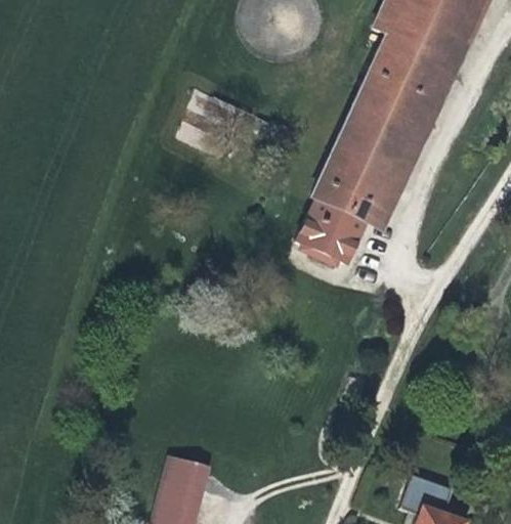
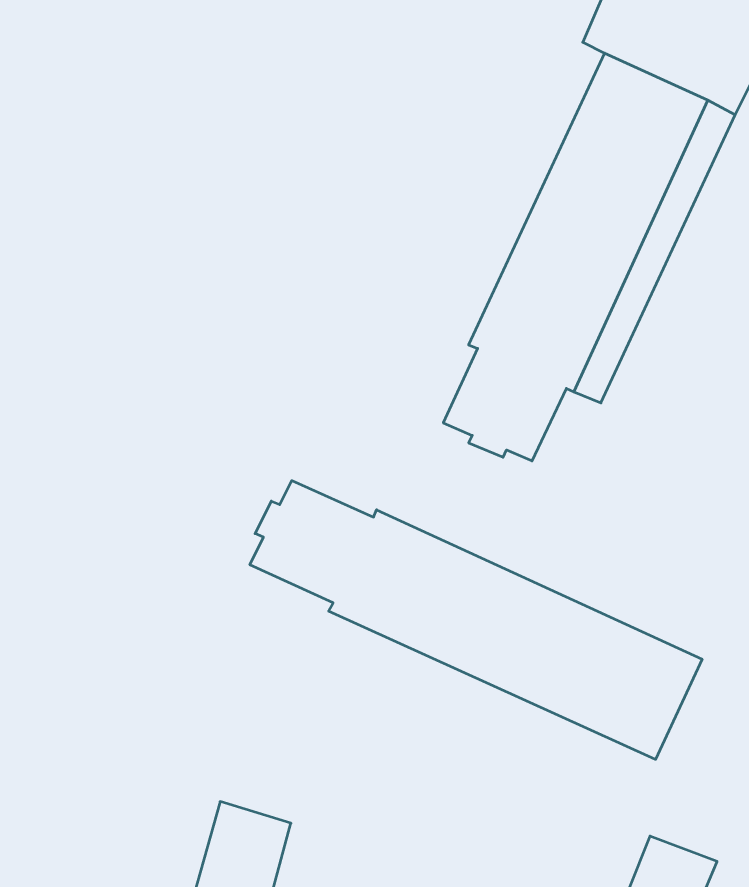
building: none -> [250,481,702,759]

